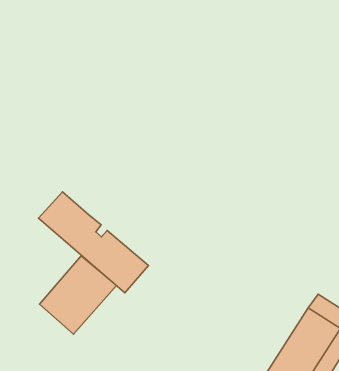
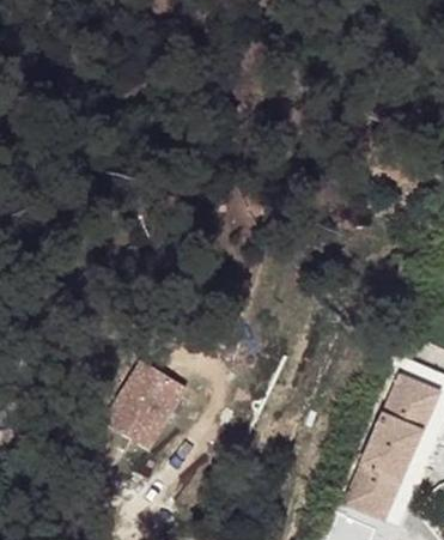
building: [39,192,148,293] -> none

